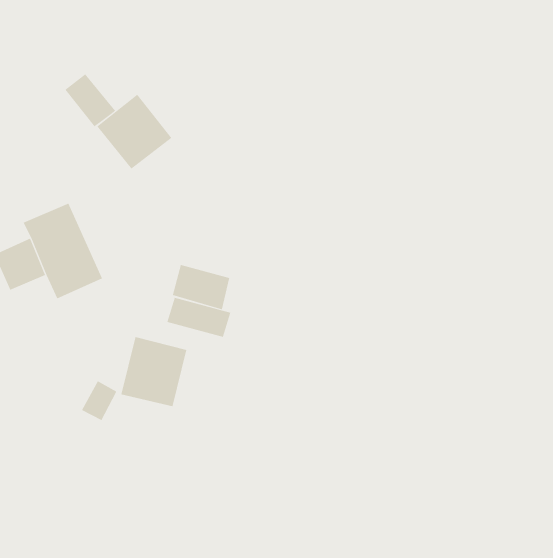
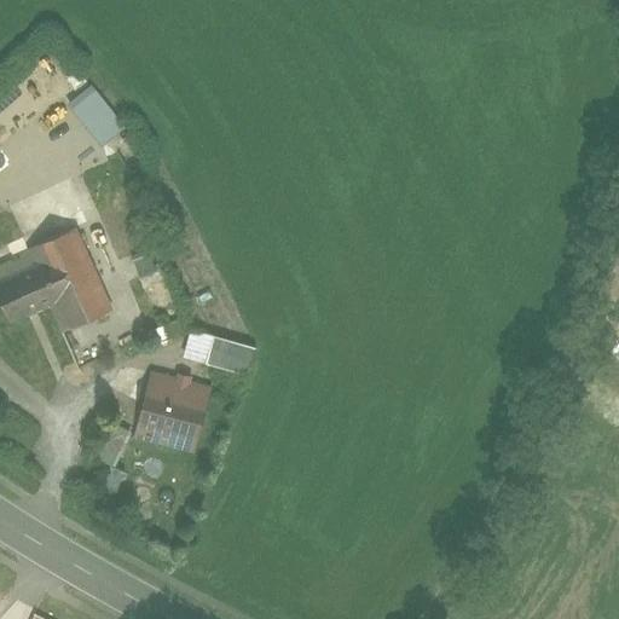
building: [97,94,172,170] -> none
building: [172,264,230,310] -> none

